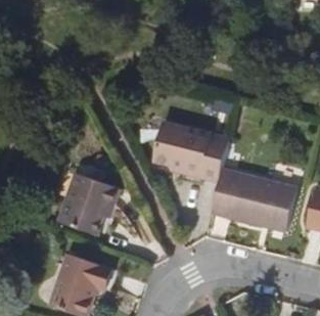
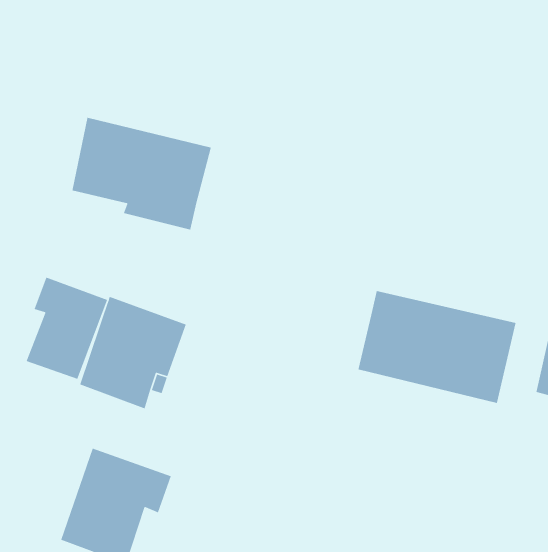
building: [151,123,227,184] -> [72,117,212,230]
building: none -> [25,277,108,380]

